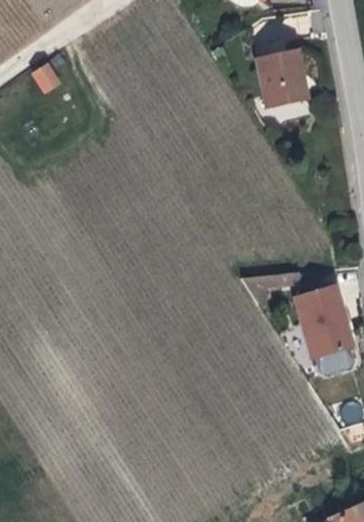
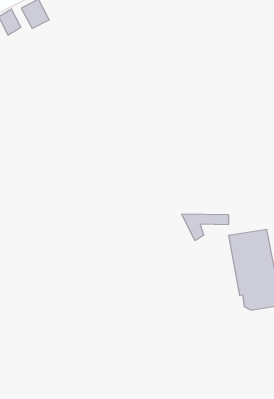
building: [256,50,308,110] -> none

